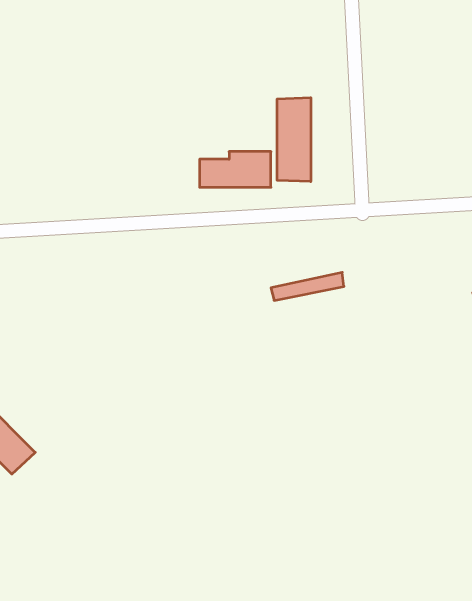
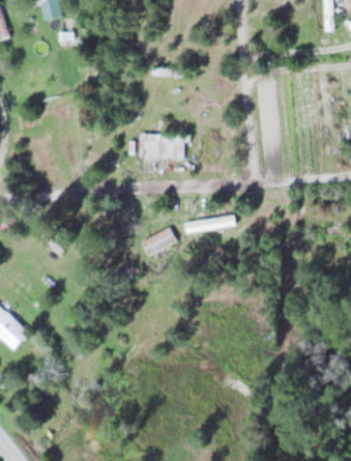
building: [277,98,311,182] -> none
building: none -> [140,228,176,257]

